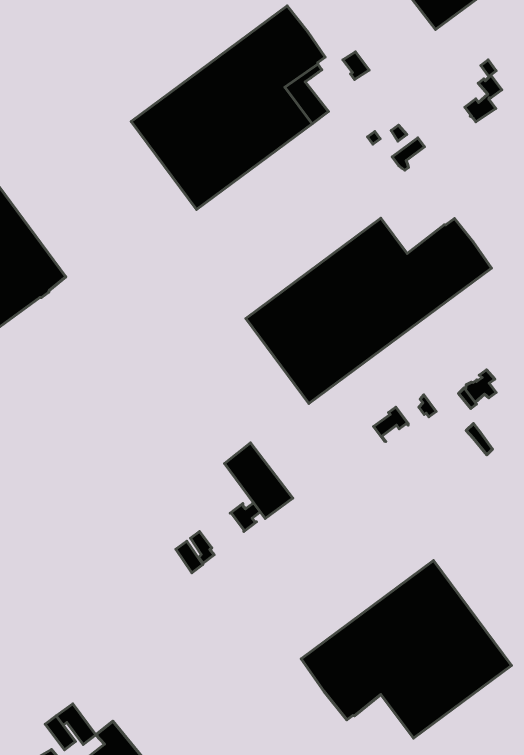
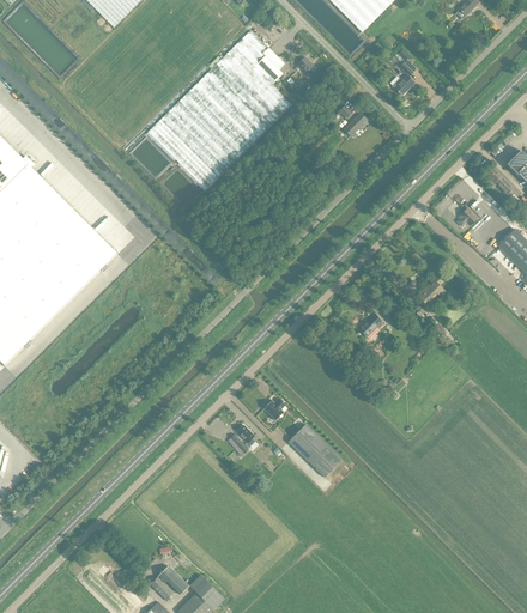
building: [246,218,491,404] -> none
building: [224,443,293,518] -> [287,424,341,478]
building: [301,561,511,738] -> none

